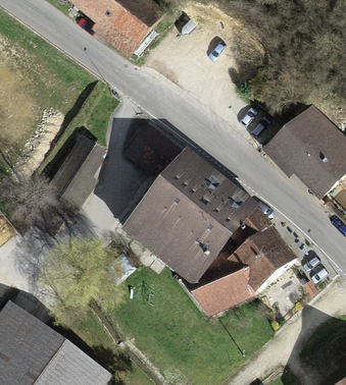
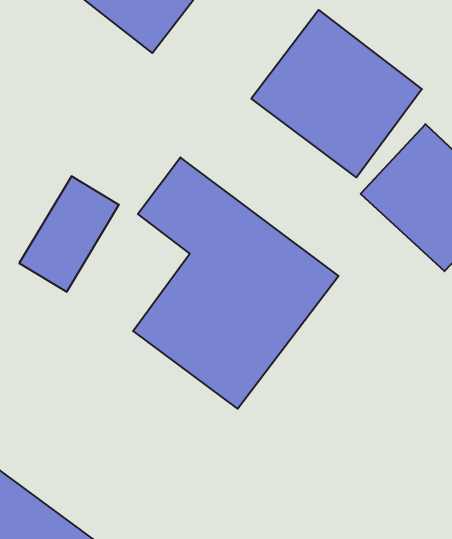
building: none -> [251,10,422,177]
building: [181,197,296,316] -> none

